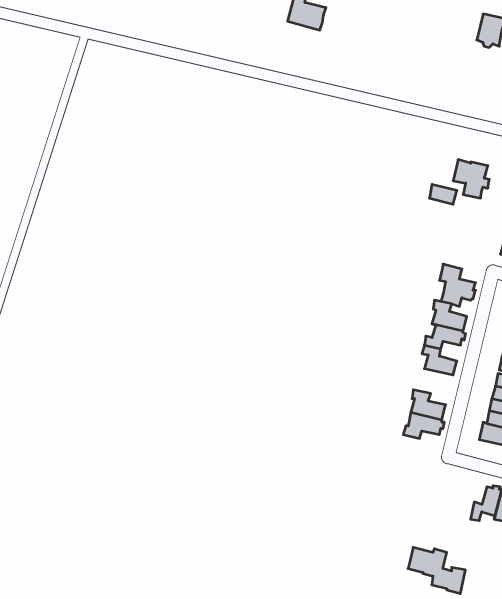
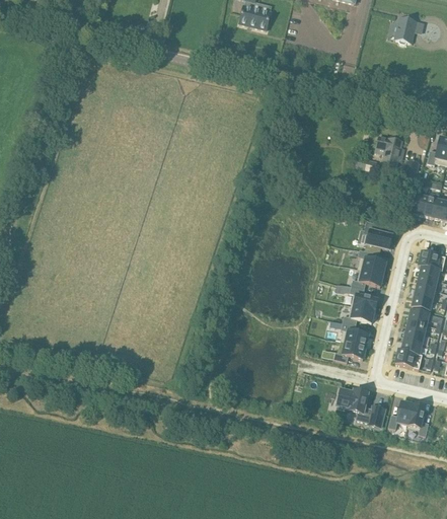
building: none -> [342,304,376,324]
building: [408,547,465,594] -> [340,389,386,427]

